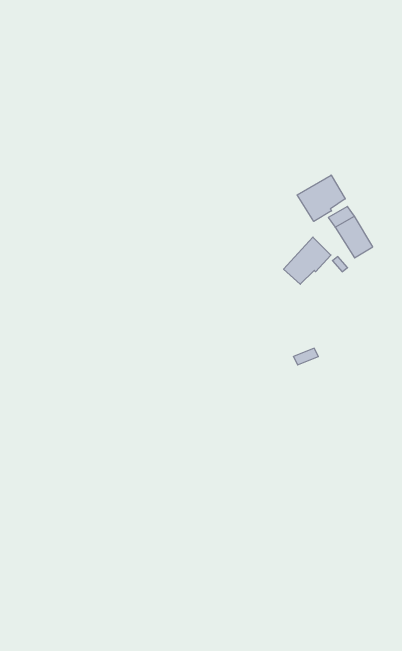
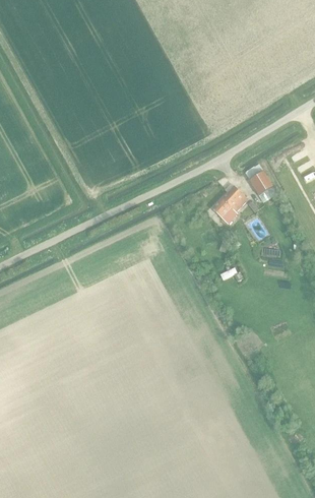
building: [297,175,345,221] -> none

